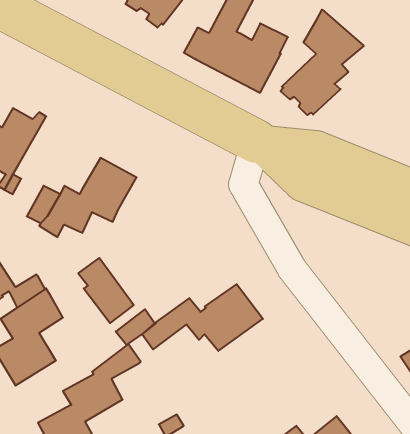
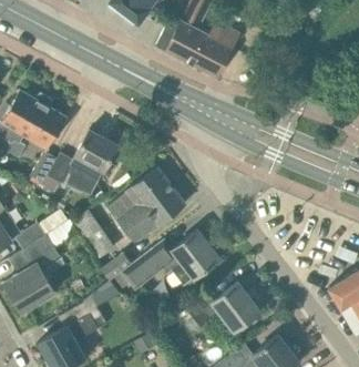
building: [281,10,364,115] -> none
building: none -> [23,98,65,150]
building: none -> [109,169,185,241]
building: none -> [184,284,259,330]

